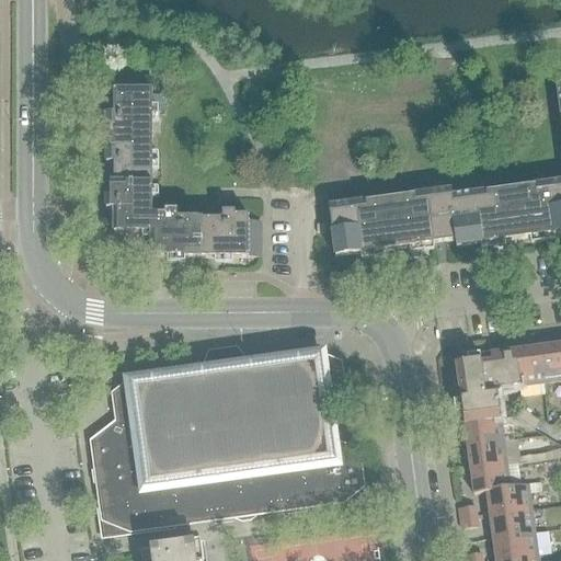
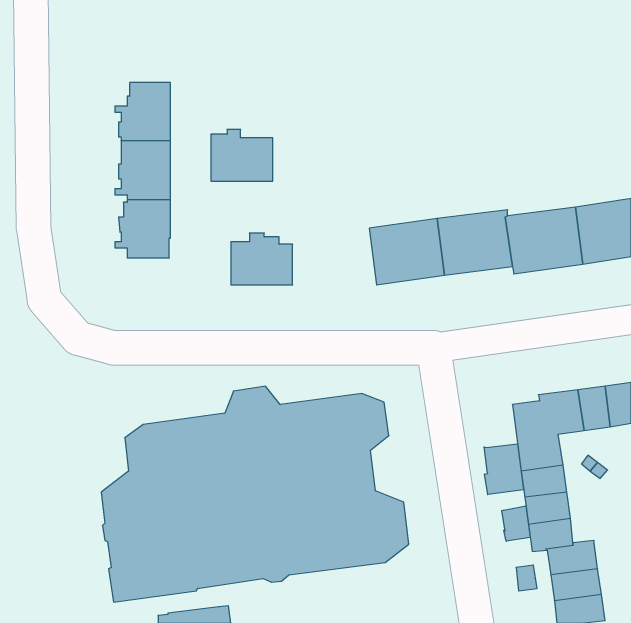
building: [150,207,205,253] -> [211,129,273,181]
building: none -> [484,444,524,495]
building: none -> [502,506,530,541]

